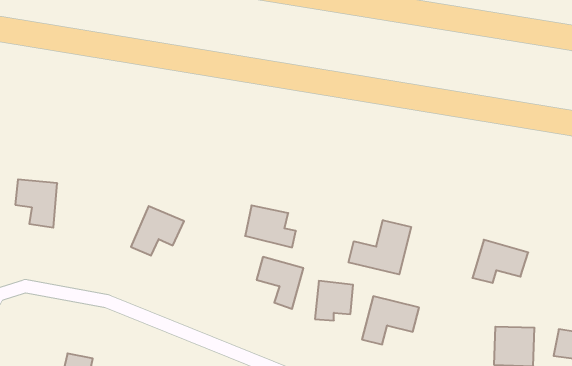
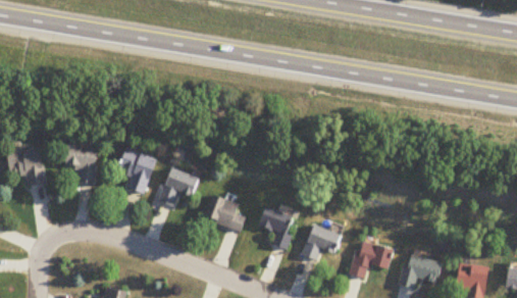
building: none -> [118,149,157,195]
building: [245,205,296,247] -> [206,197,247,231]
building: [349,220,411,274] -> none
building: [472,240,528,283] -> [393,253,437,288]

